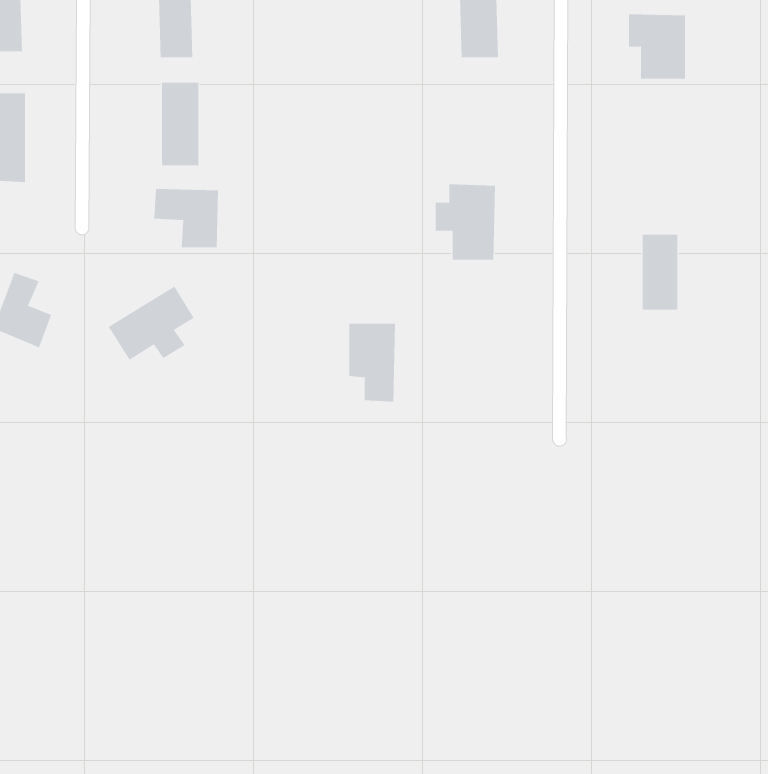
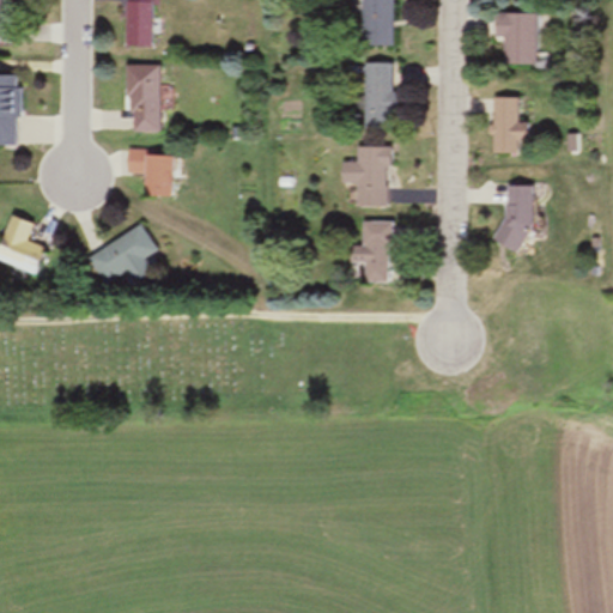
building: none -> [362,62,394,127]
building: none -> [492,97,533,152]
building: [349,323,396,402] -> [357,220,394,283]

